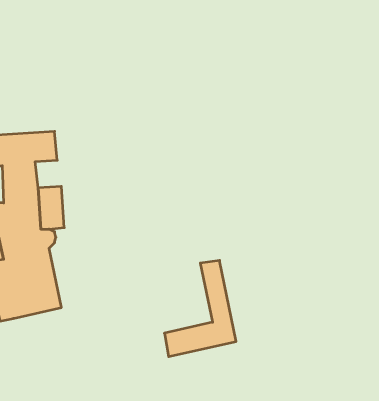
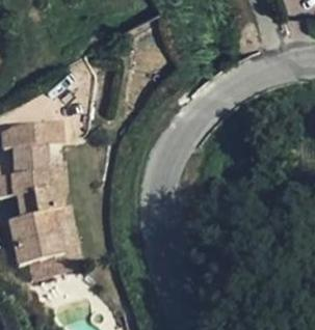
building: [164,260,236,357] -> [16,194,70,267]

